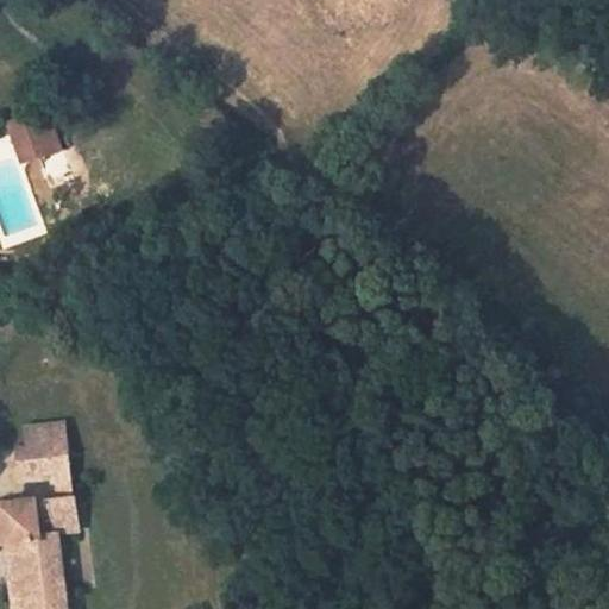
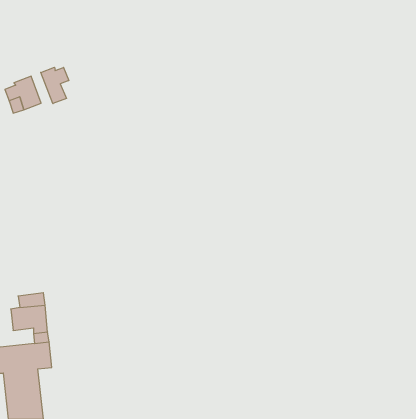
building: none -> [41,67,69,104]

